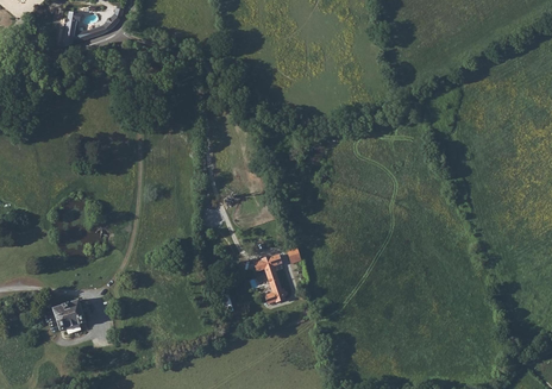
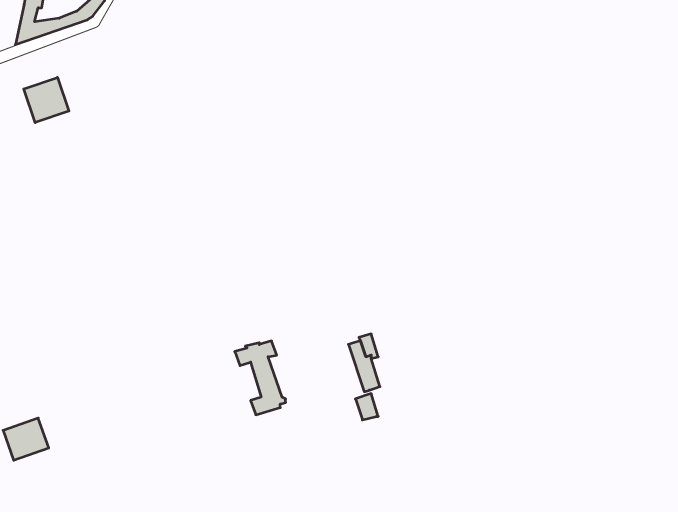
building: none -> [24,77,69,123]
building: [251,252,286,302] -> [235,341,286,415]

